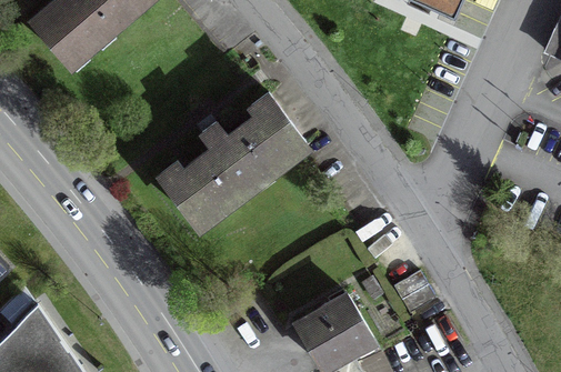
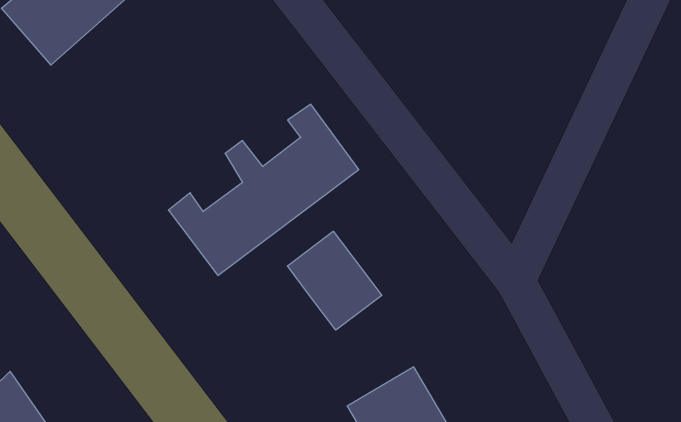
building: none -> [287,231,382,330]

